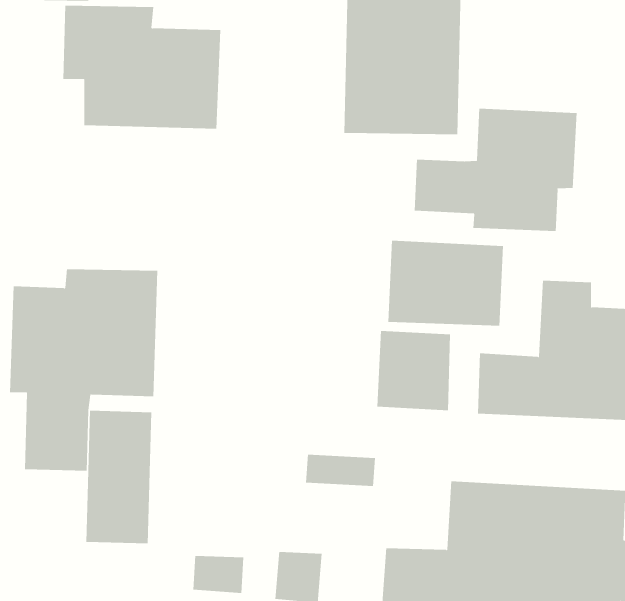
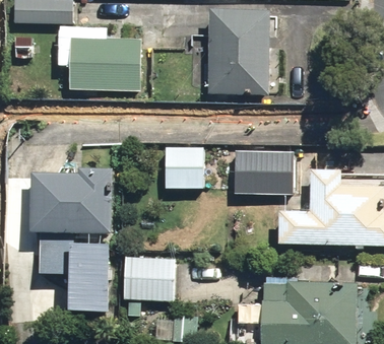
building: [414,108,577,232] -> none
building: [376,331,451,411] -> [164,146,203,189]
building: none -> [122,254,173,300]

